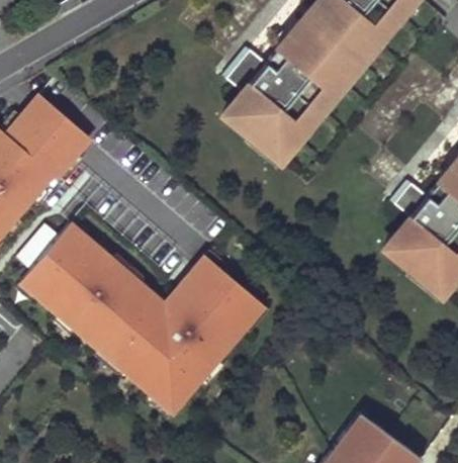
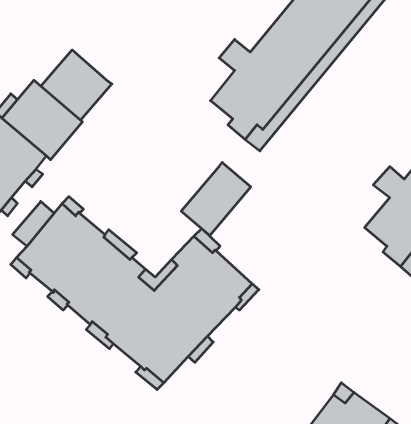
building: none -> [41,50,112,120]
building: none -> [181,162,251,236]

